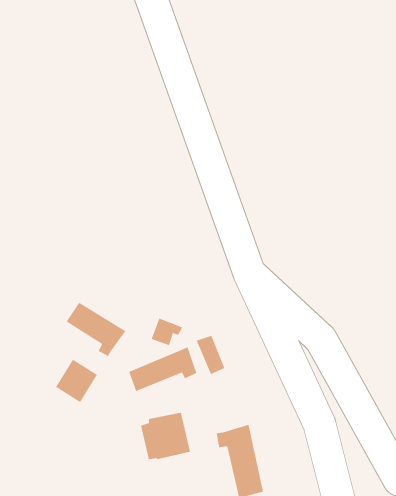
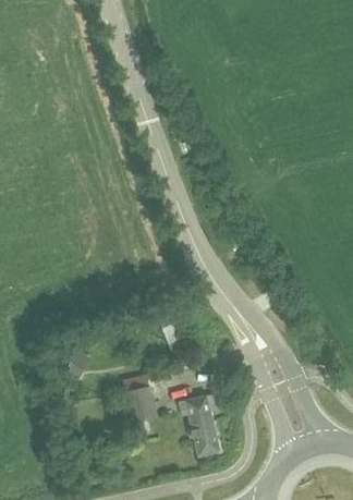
building: [66,302,126,357] -> none
building: [128,346,197,392] -> none

